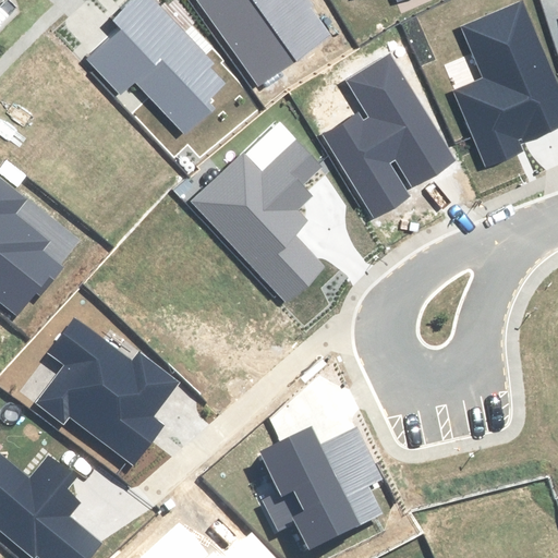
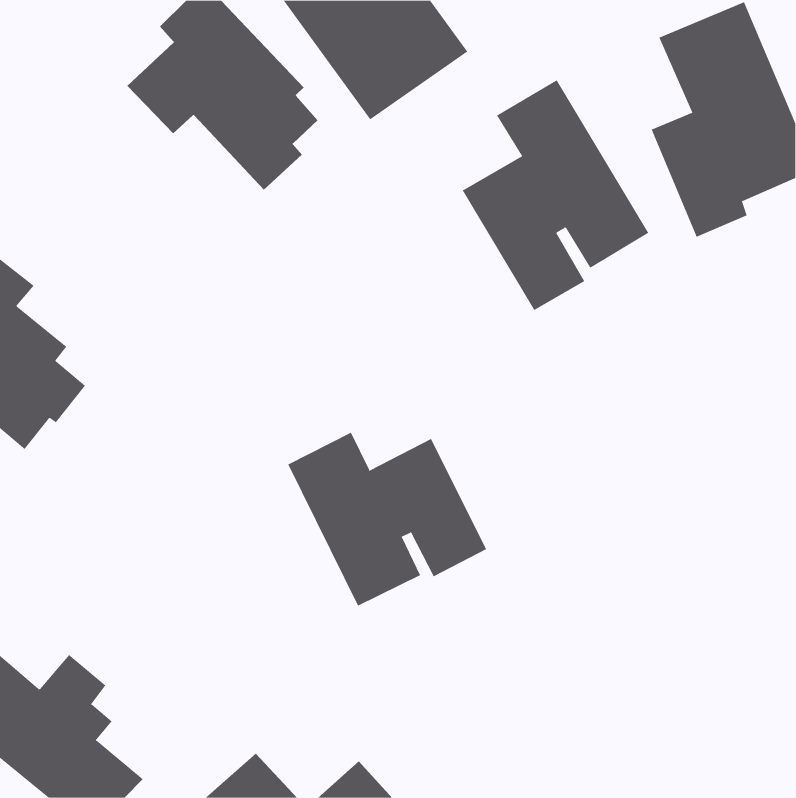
building: [192,142,323,301] -> none
building: none -> [288,432,487,606]
building: [37,318,175,463] -> none
building: [259,427,381,550] -> none

